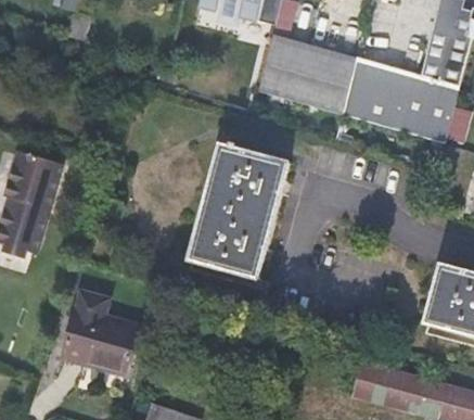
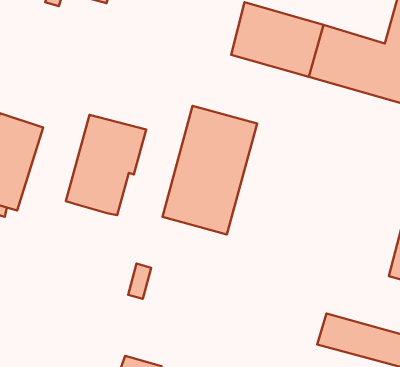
building: none -> [66,115,146,215]
building: [64,292,139,372] -> none

